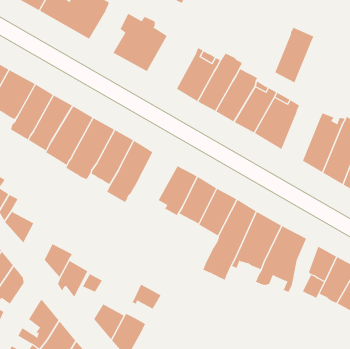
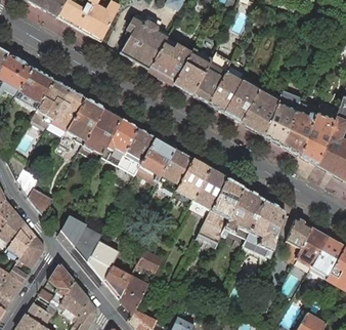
building: [274,27,314,83] -> [264,96,298,145]
building: none -> [149,38,190,83]
building: none -> [136,137,175,183]

